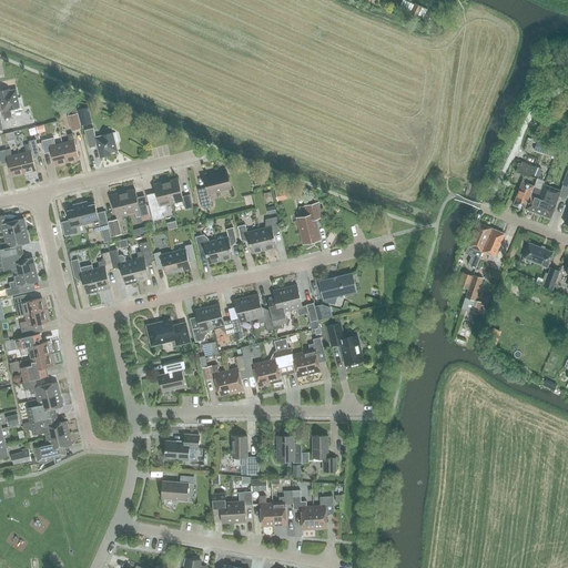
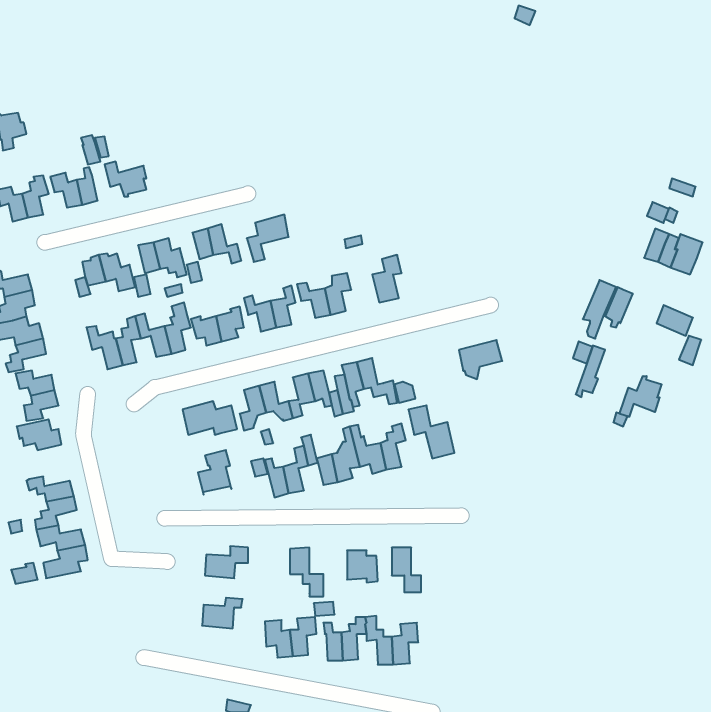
building: [320,274,354,305] -> [459,340,502,379]
building: none -> [620,376,662,417]
building: [21,354,52,382] -> none

